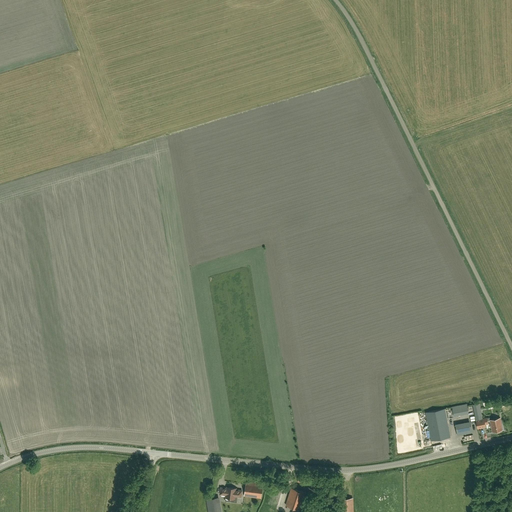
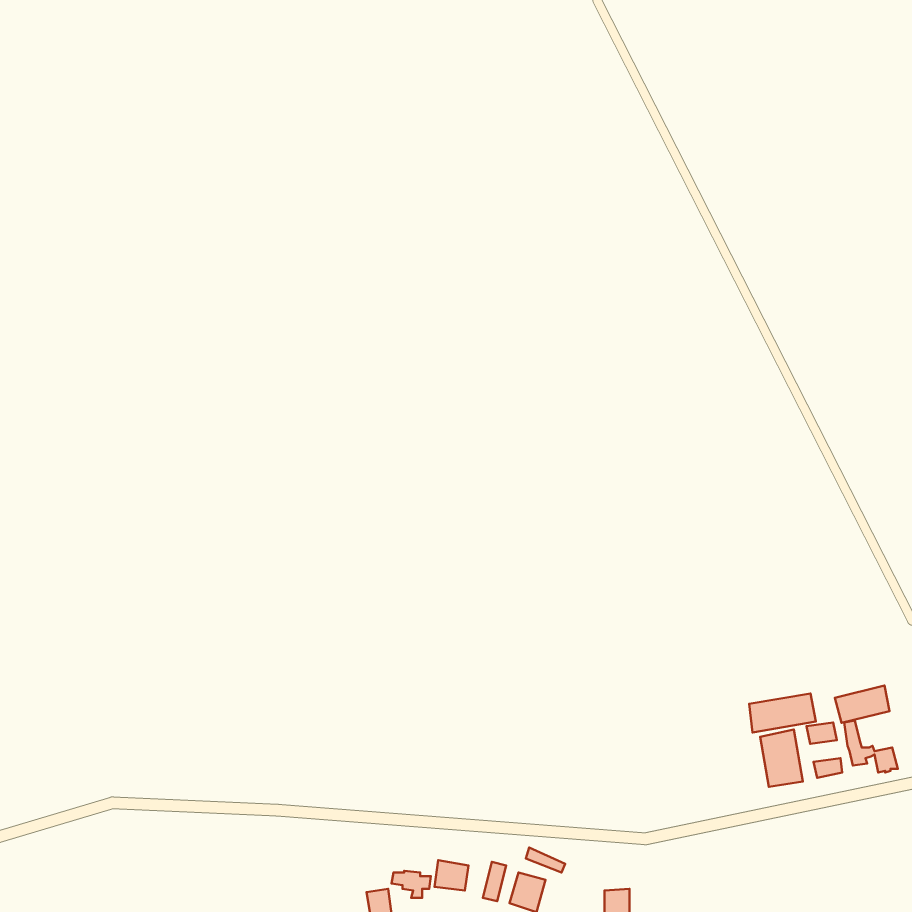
building: none -> [835,685,889,723]
building: none -> [749,693,816,733]

